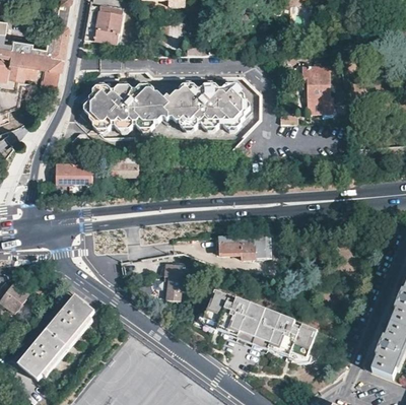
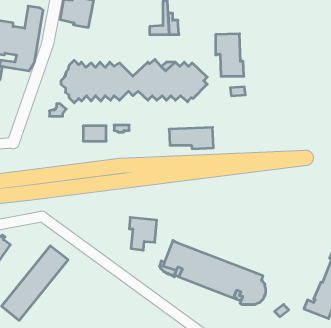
building: [303,67,336,116] -> [216,34,244,76]
building: [56,164,92,185] -> none
building: [216,235,267,260] -> [169,127,213,149]

